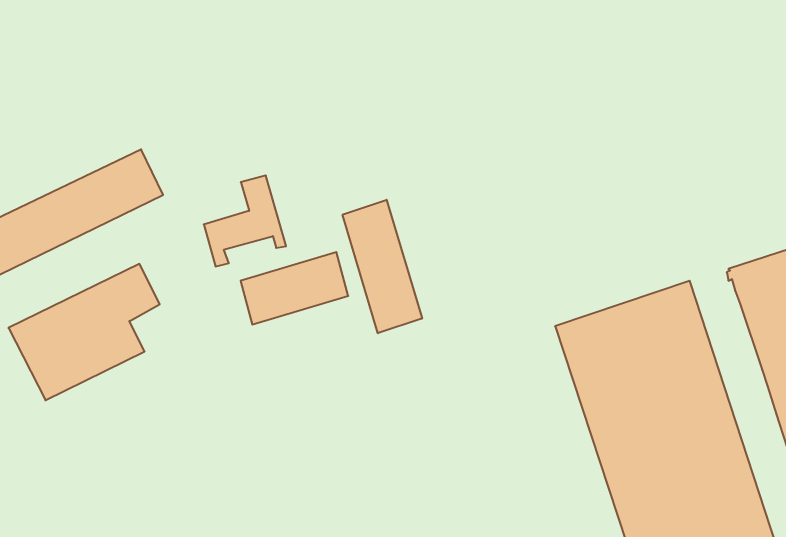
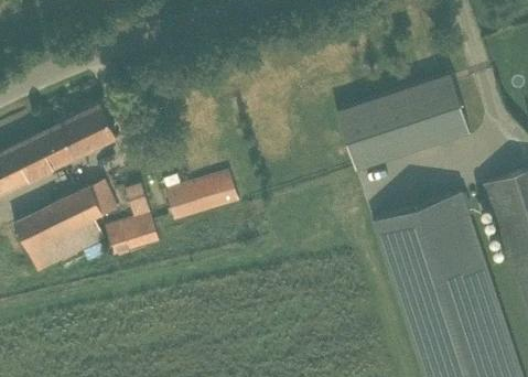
building: none -> [338,77,472,173]
building: [204,176,286,266] -> [106,194,160,254]
building: [343,200,422,333] -> none

